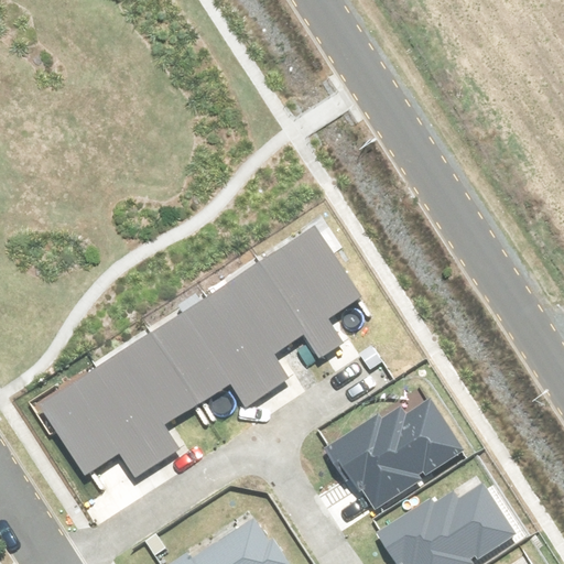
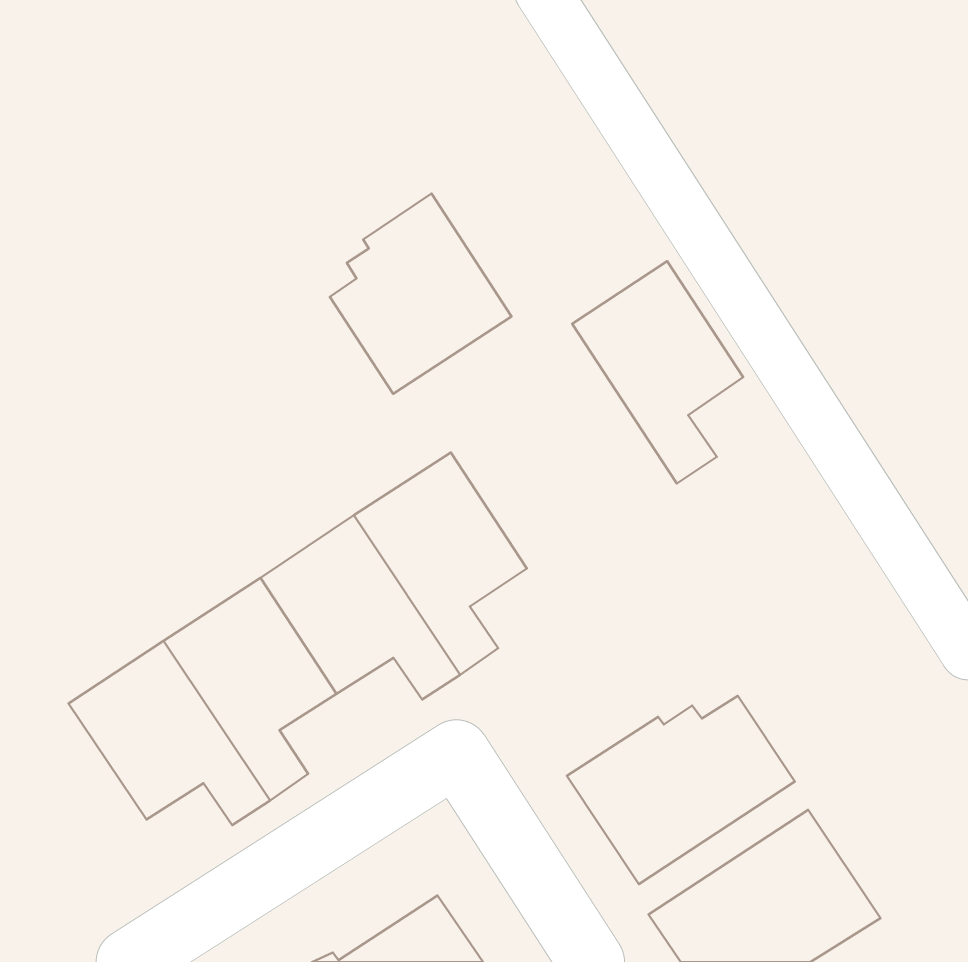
building: none -> [330,193,512,394]
building: [261,226,360,355] -> [572,261,743,484]

